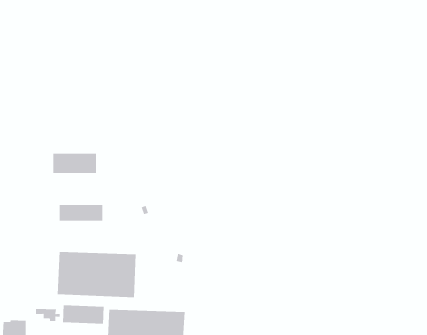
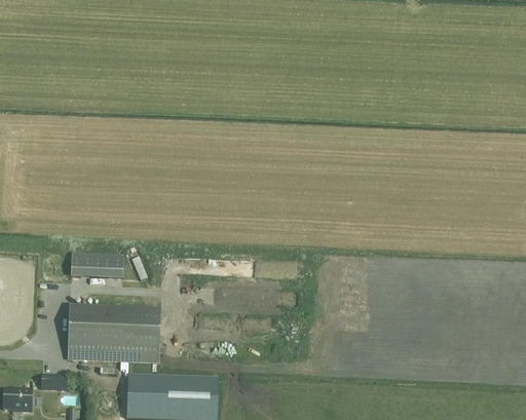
building: [53,153,97,174] -> none
building: [63,305,104,324] -> none

